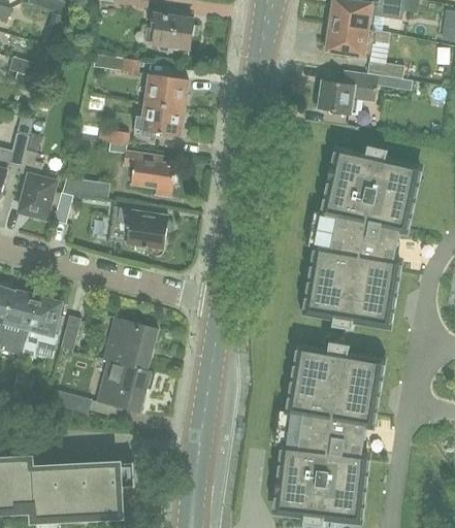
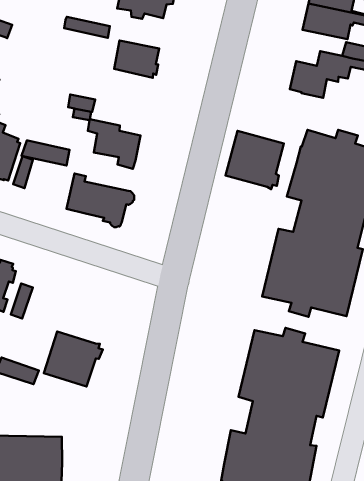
building: [133,101,186,136] -> none
building: none -> [226,131,284,189]
building: [106,318,156,369] -> none

